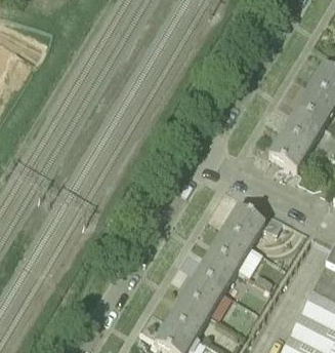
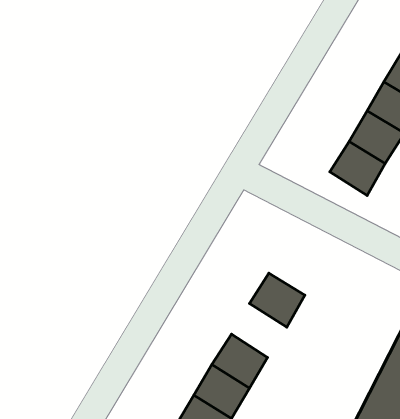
building: [225,203,266,242] -> none
building: [198,248,239,288] -> none

